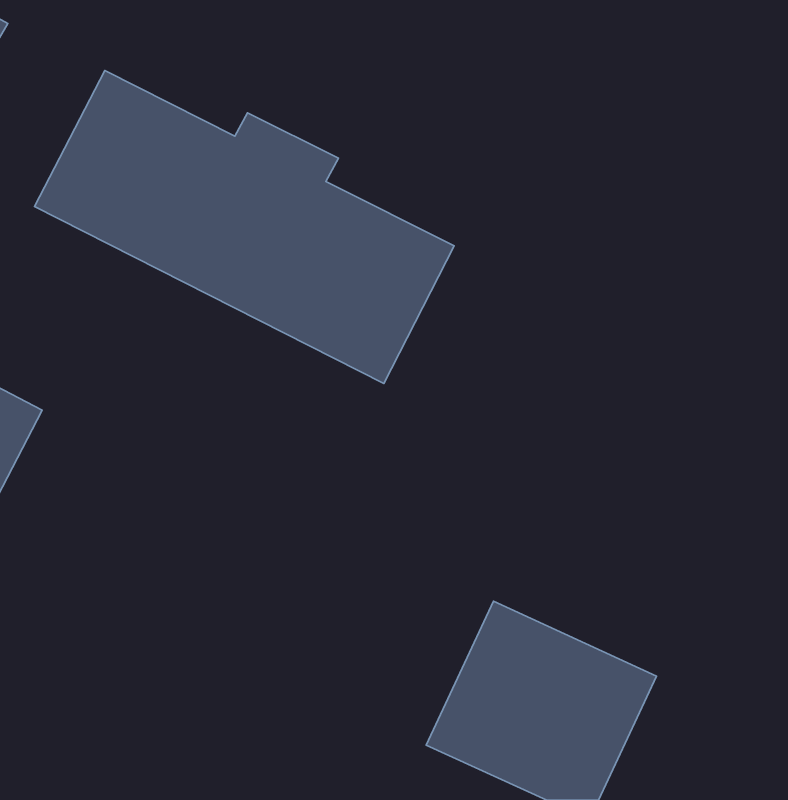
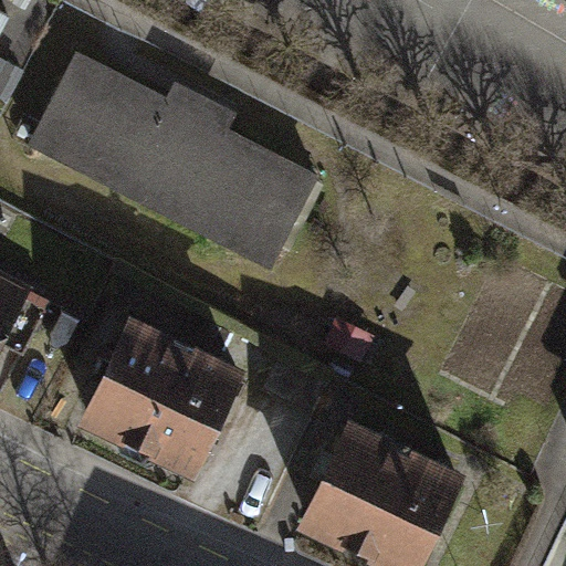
building: none -> [74,324,239,486]

